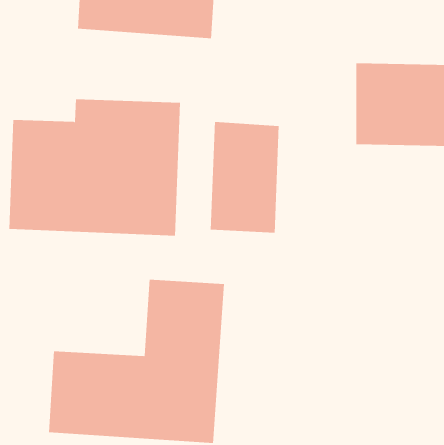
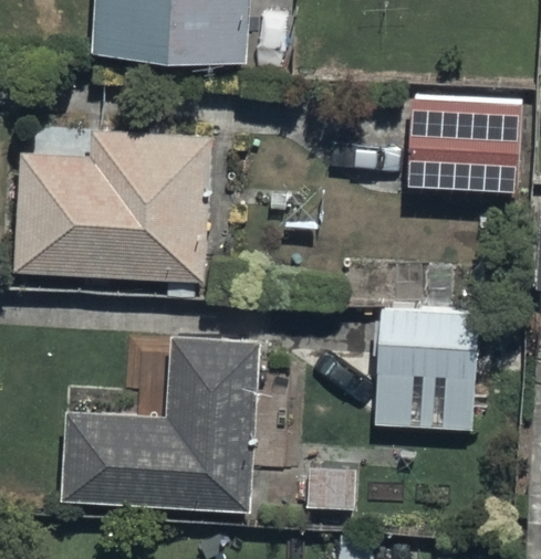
building: [210,121,279,233] -> none
building: none -> [374,308,477,434]

